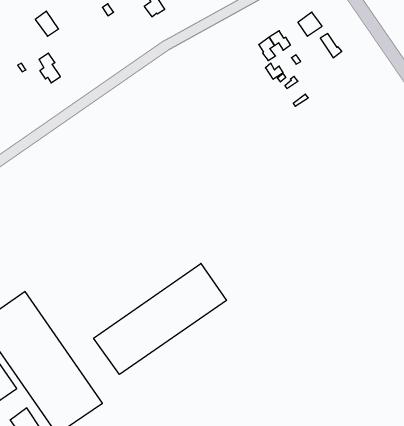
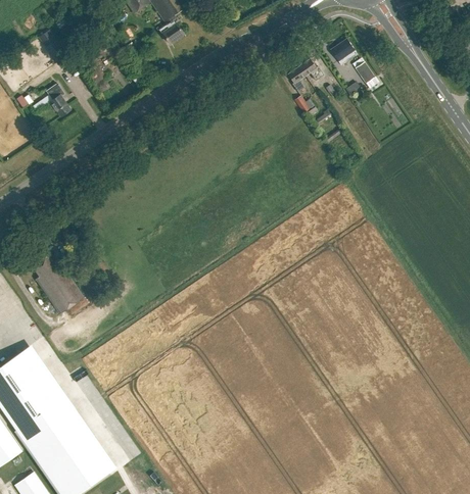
building: none -> [31,253,83,313]
building: [94,263,226,374] -> none

